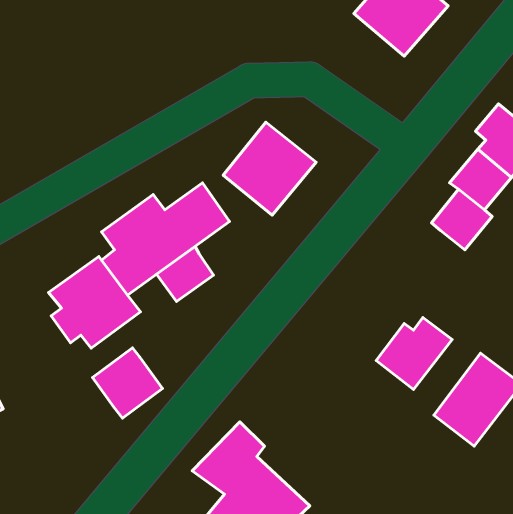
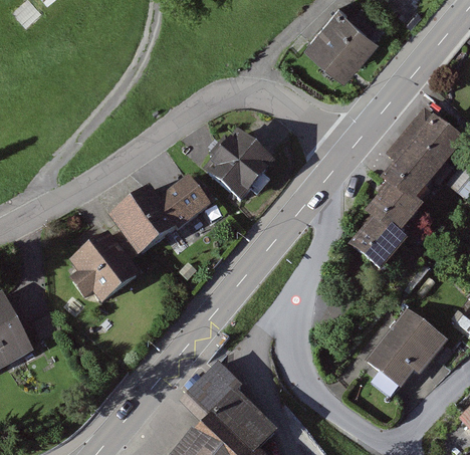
building: none -> [357,213,403,258]
building: [157,246,213,302] -> none
building: [376,318,452,389] -> none
building: [92,348,163,418] -> none

